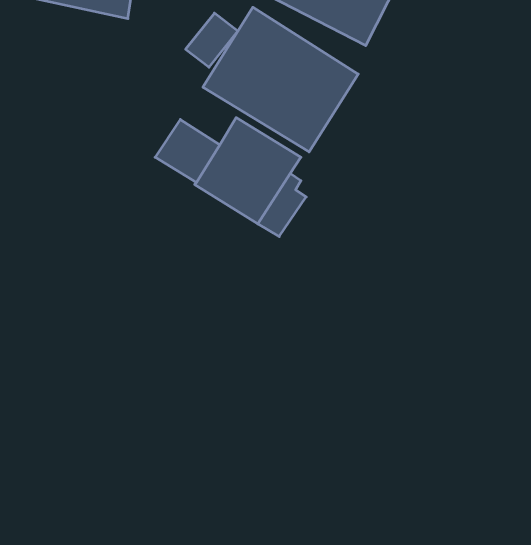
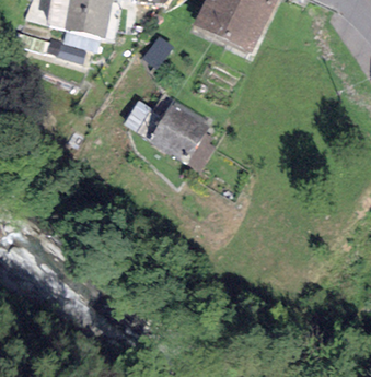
building: [203,7,358,152] -> none

